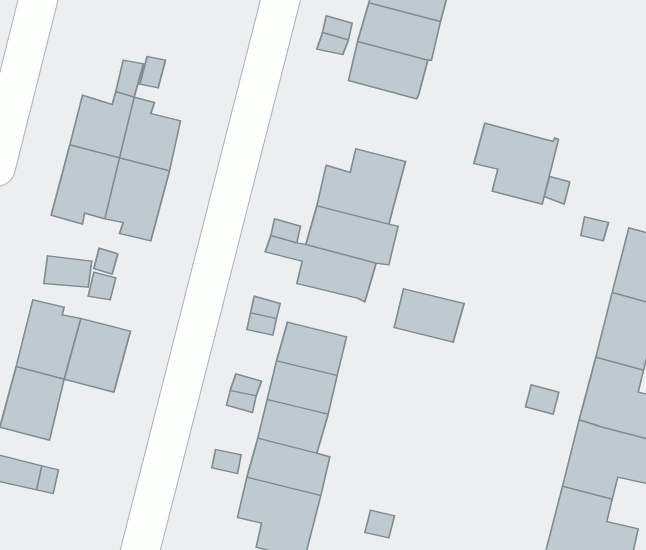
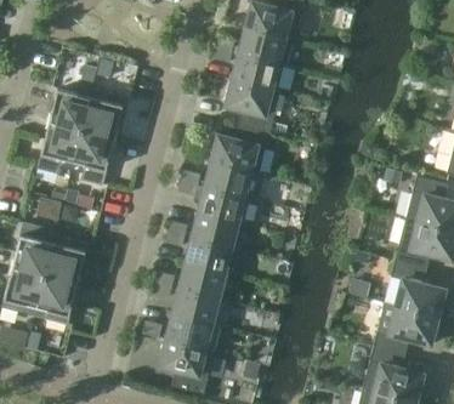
building: [474,123,559,204] -> [225,78,280,131]
building: [394,289,464,342] -> [192,211,238,246]
building: none -> [35,274,78,318]

